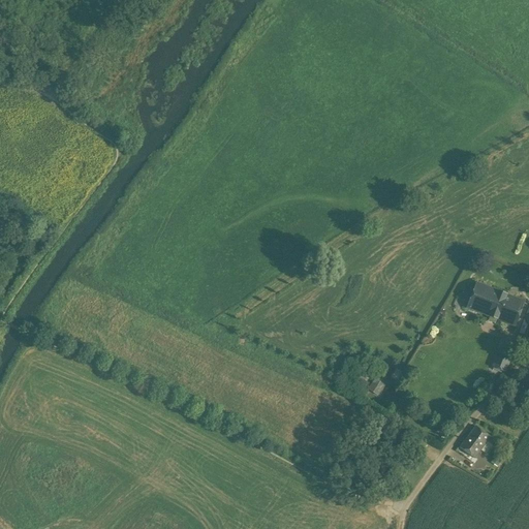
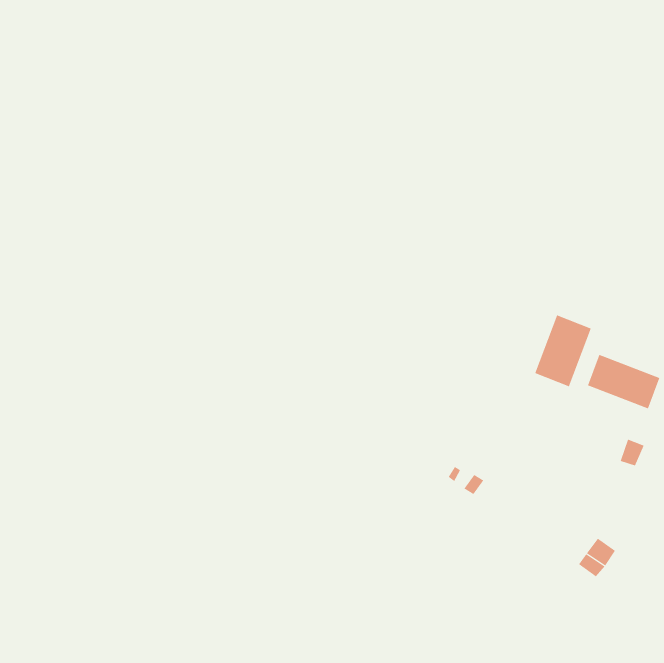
building: none -> [534,315,592,387]

